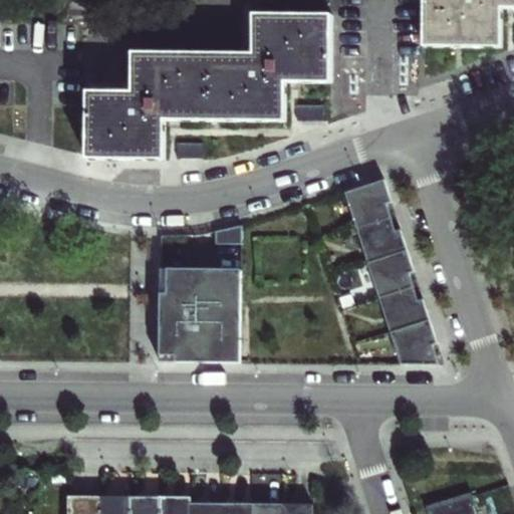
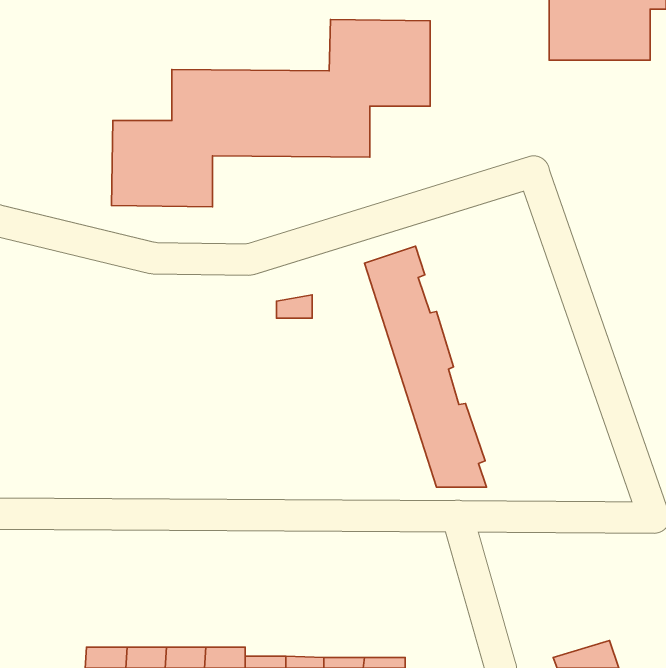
building: [343,180,437,364] -> [364,246,486,487]
building: [158,269,239,362] -> none

